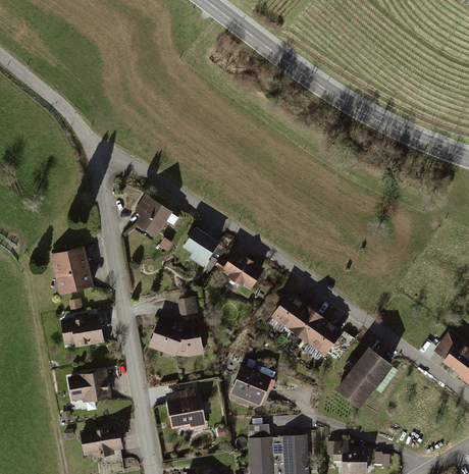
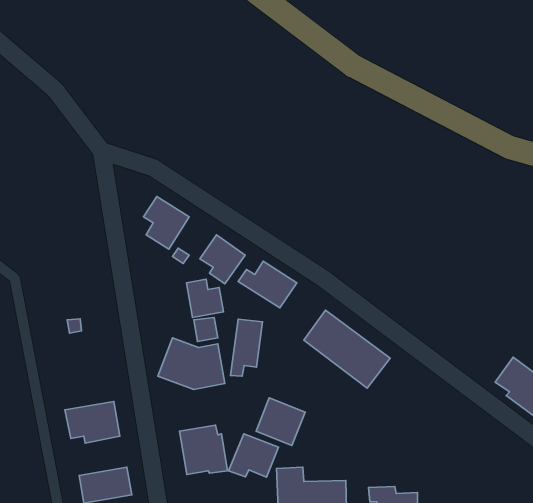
building: [49,247,94,296] -> none
building: none -> [186,279,223,317]
building: none -> [230,319,262,376]
building: [58,314,105,349] -> none
building: [335,349,393,409] -> none
building: none -> [229,434,279,477]

